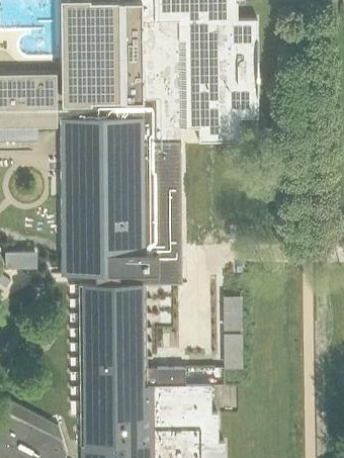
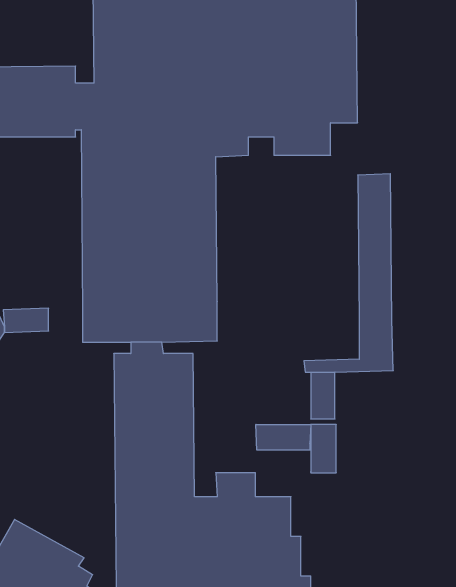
building: [117,142,181,283] -> [304,174,393,372]
building: none -> [256,424,311,450]

